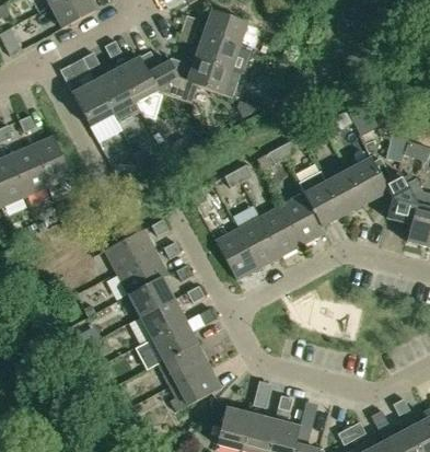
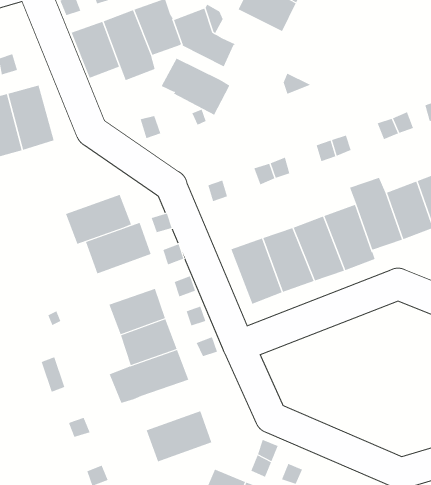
building: [186,57,239,96] -> [161,58,230,115]
building: [116,251,167,293] -> [65,194,132,245]
building: [158,341,209,384] -> none

